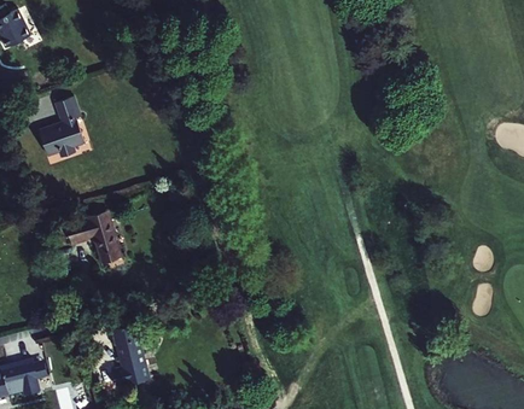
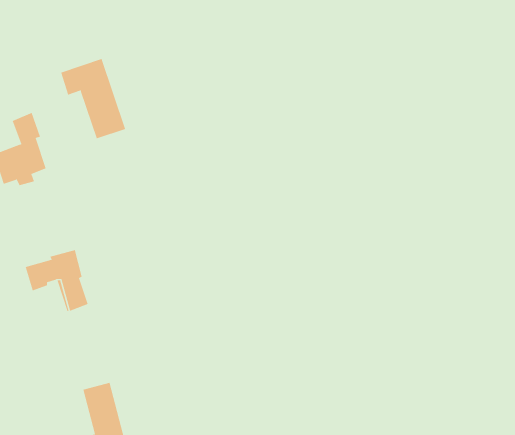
building: none -> [60,58,126,139]

